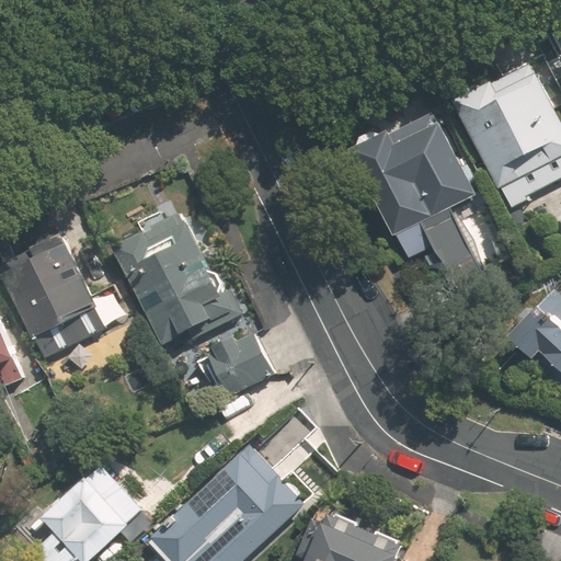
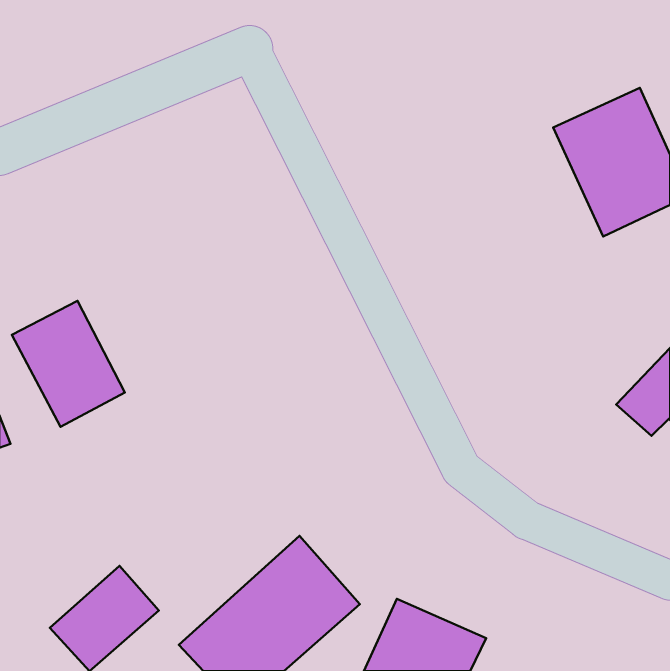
building: [353,108,470,262] -> none
building: [113,215,229,348] -> none
building: [206,343,265,401] -> none

